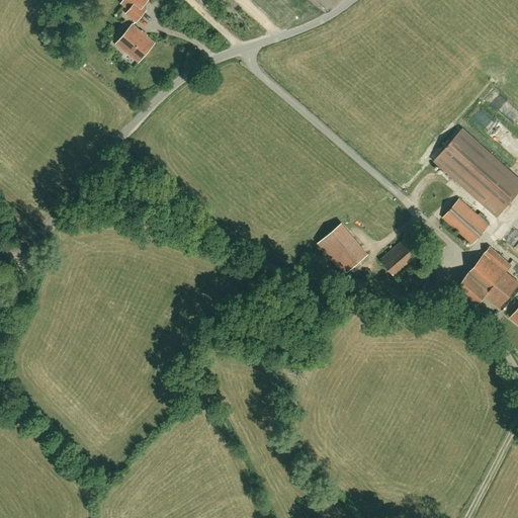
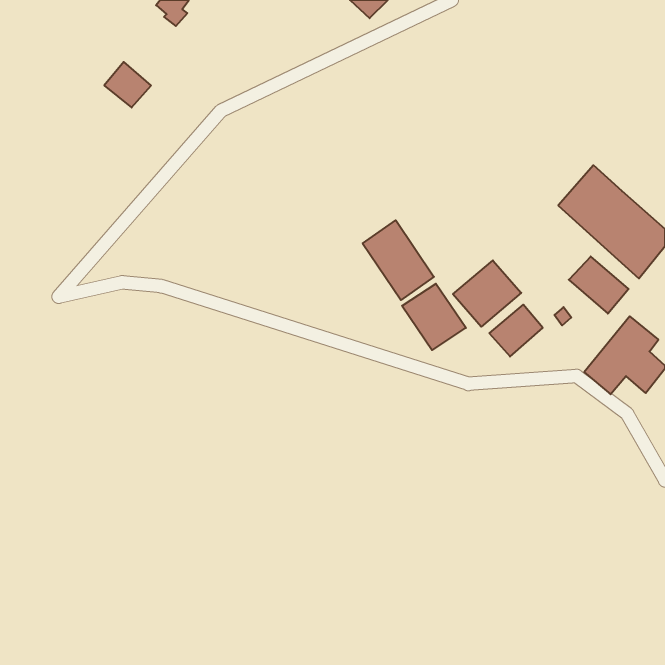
building: [117,25,154,61] -> [104,62,151,108]
building: none -> [363,220,434,300]
building: none -> [453,260,521,327]

